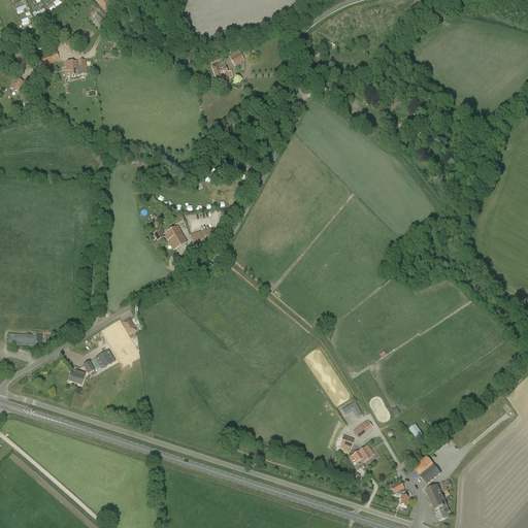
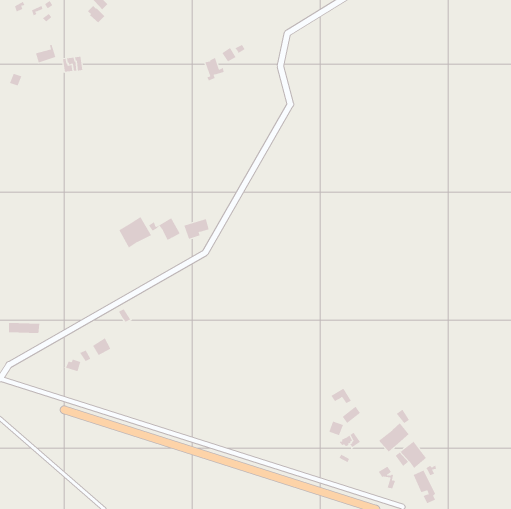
building: none -> [118,216,152,248]
building: none -> [378,423,409,452]

